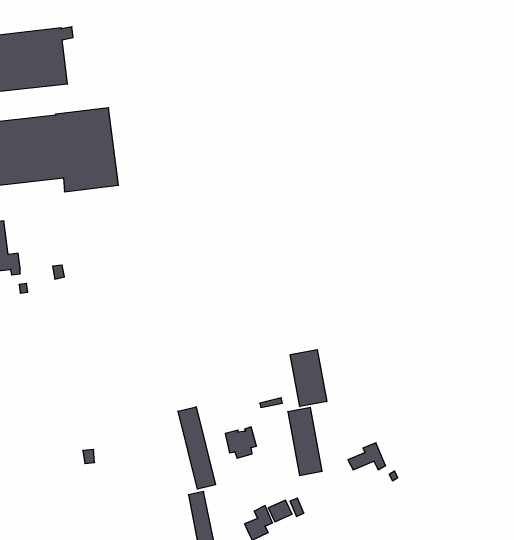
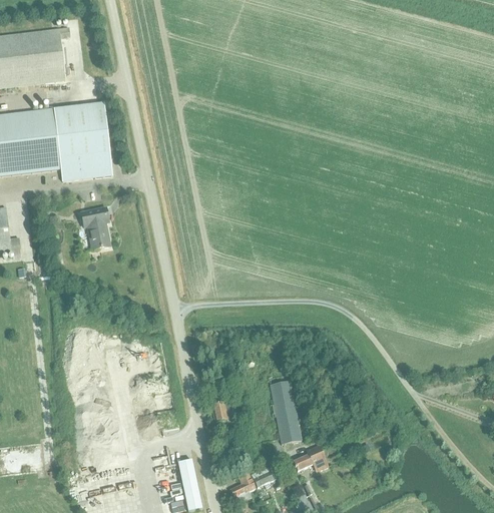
building: none -> [81,208,110,248]
building: [290,350,327,407] -> none
building: [178,407,216,489] -> none
building: [348,443,386,470] -> [293,445,328,470]

